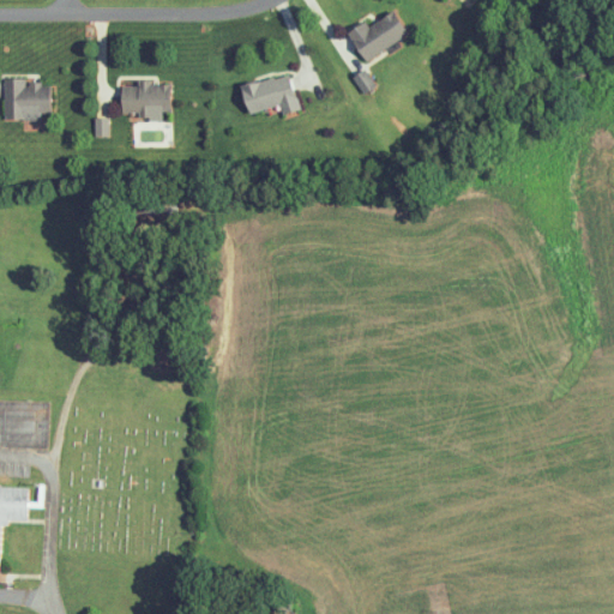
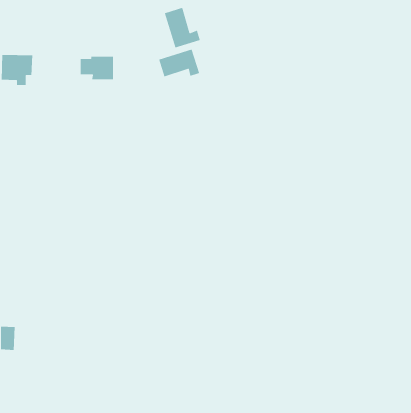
building: [348,10,407,61] -> none
building: none -> [164,7,201,48]

